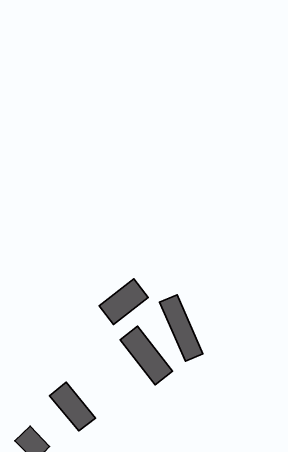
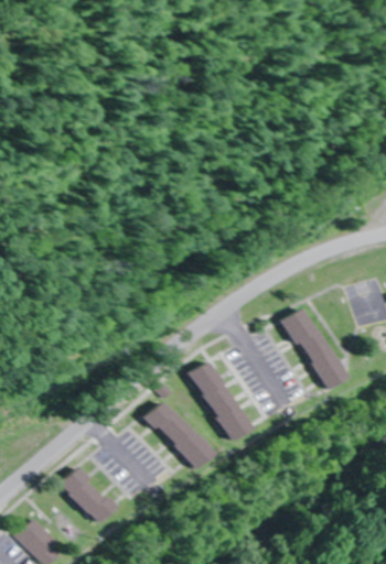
building: none -> [282,307,340,390]
building: [99,279,148,325] -> none

